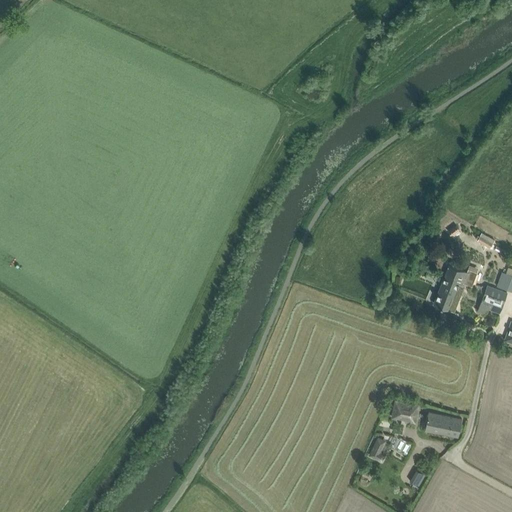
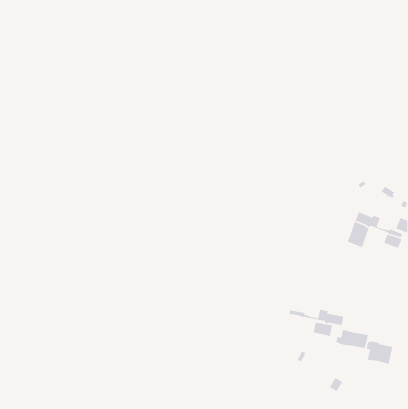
building: none -> [288,309,344,326]
building: none -> [366,341,393,365]

